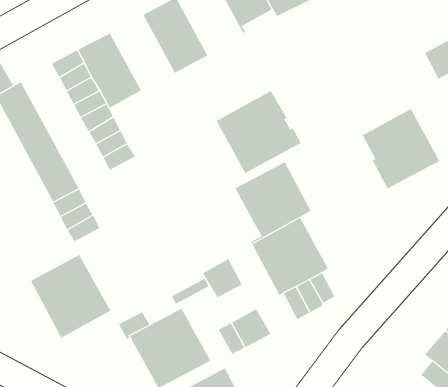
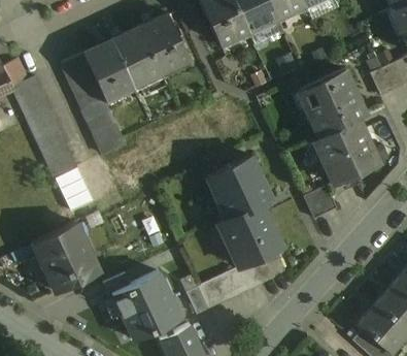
building: none -> [110,26,162,89]
building: [216,90,302,174] -> [296,67,366,135]
building: none -> [302,185,336,218]
building: [202,258,242,298] -> [218,264,251,297]

